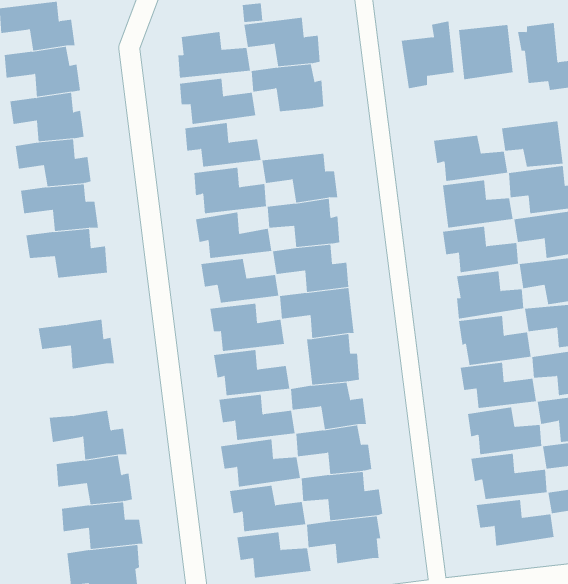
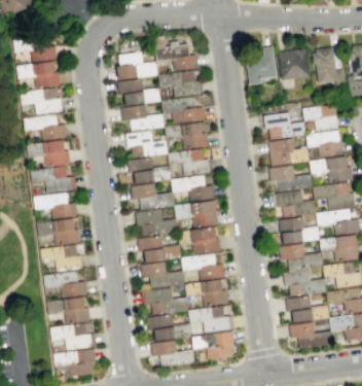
building: none -> [162,97,207,126]
building: none -> [34,192,78,221]
building: none -> [40,244,83,274]

